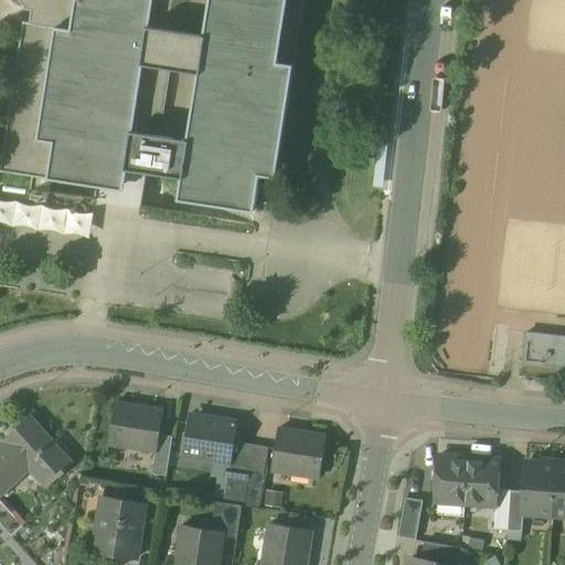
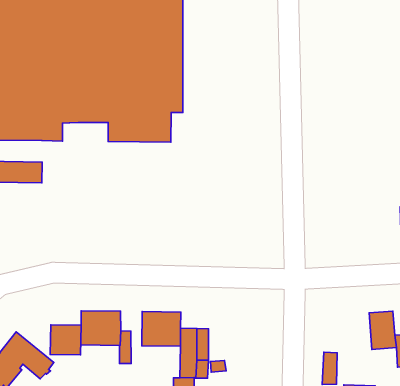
building: none -> [50,325,81,355]
building: [270,428,324,477] -> none
building: [434,455,468,502] -> none

